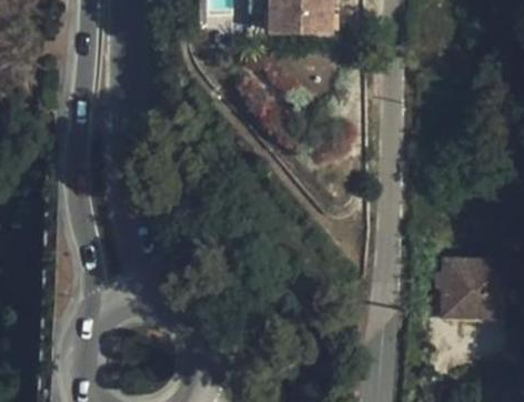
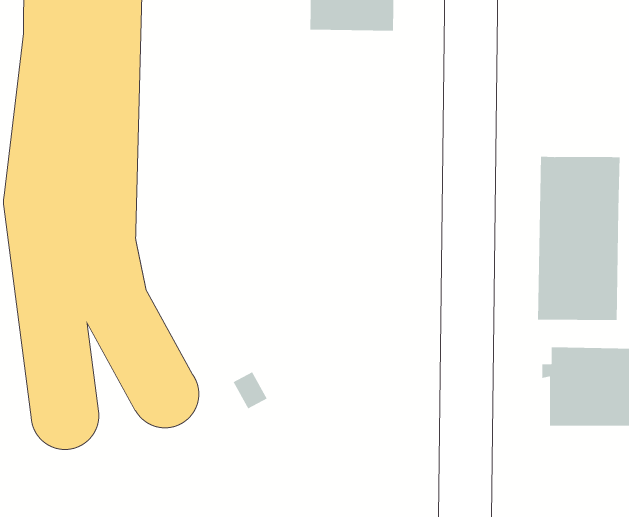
building: none -> [537,156,621,321]

